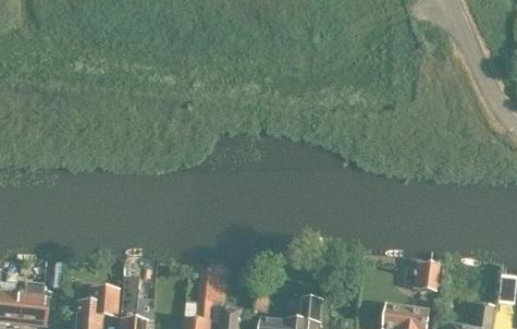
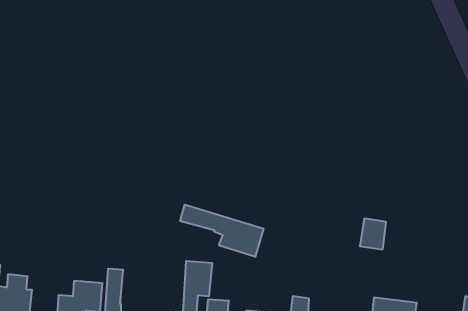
building: none -> [180,205,263,257]
building: [414,259,440,290] -> [360,219,386,249]

